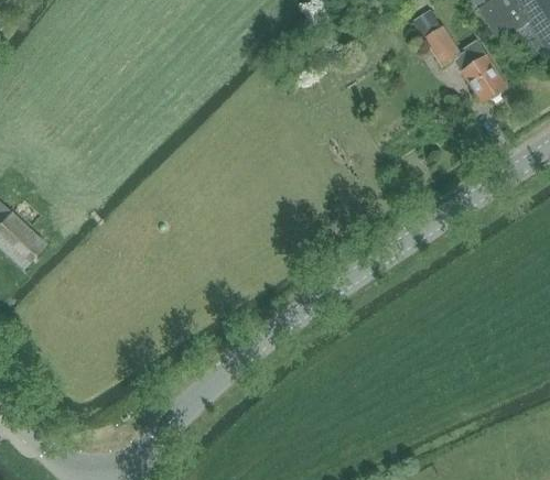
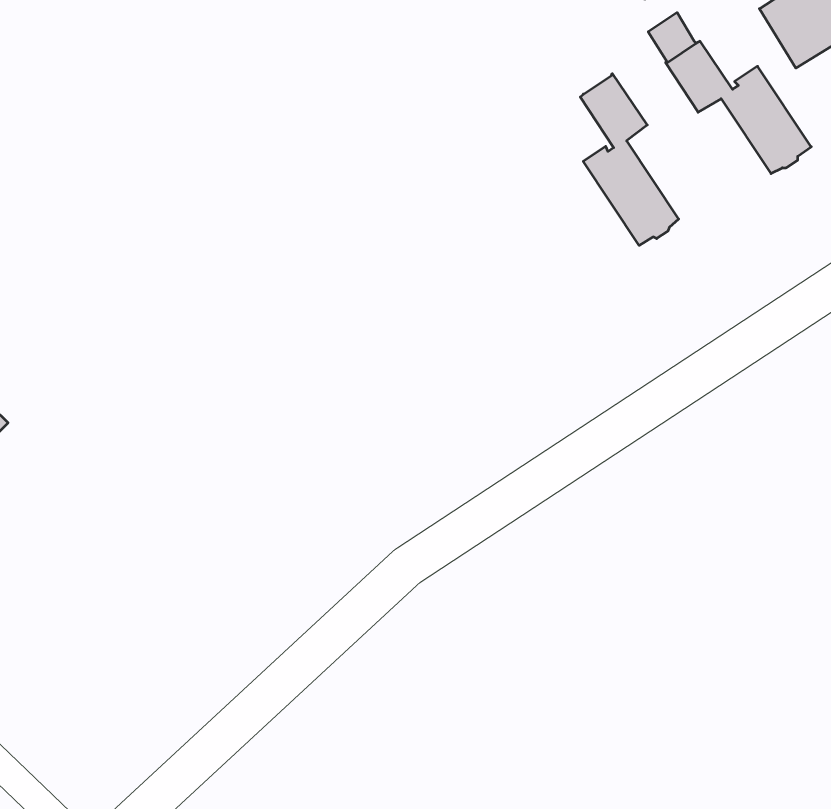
building: none -> [580,74,679,245]

